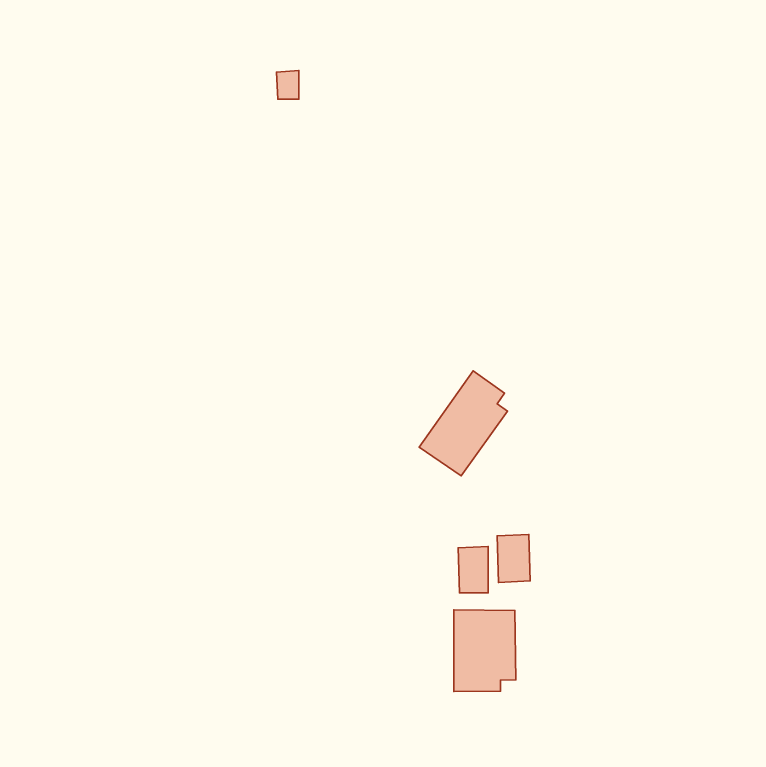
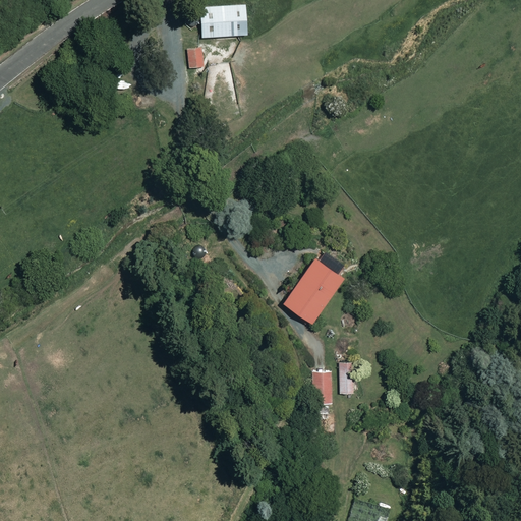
building: none -> [200,4,247,37]
building: [454,610,516,691] -> none

